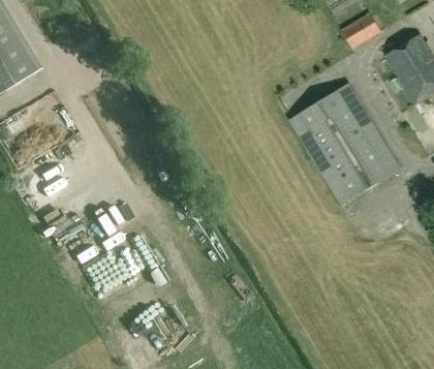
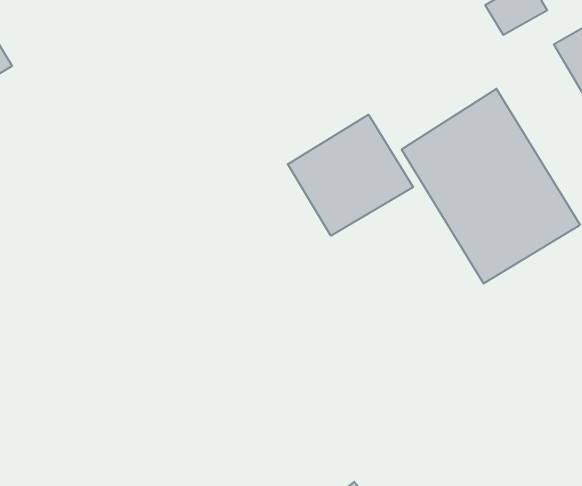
building: none -> [288,115,413,236]

